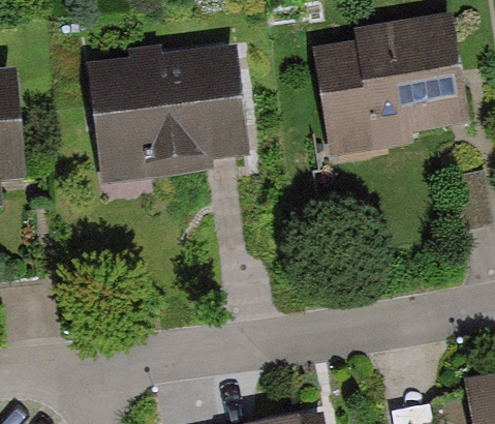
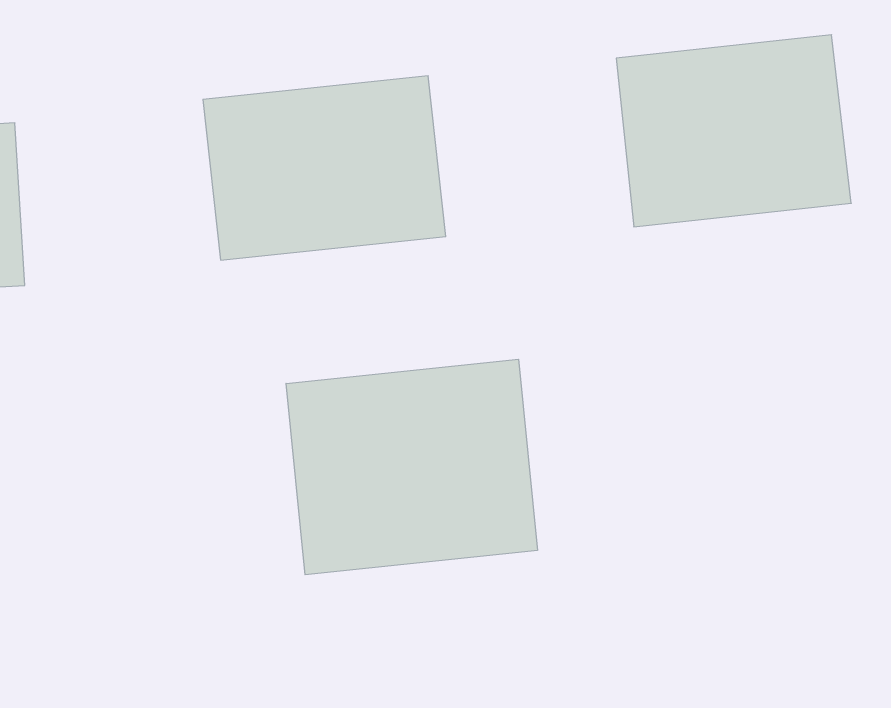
building: none -> [286,359,537,575]

